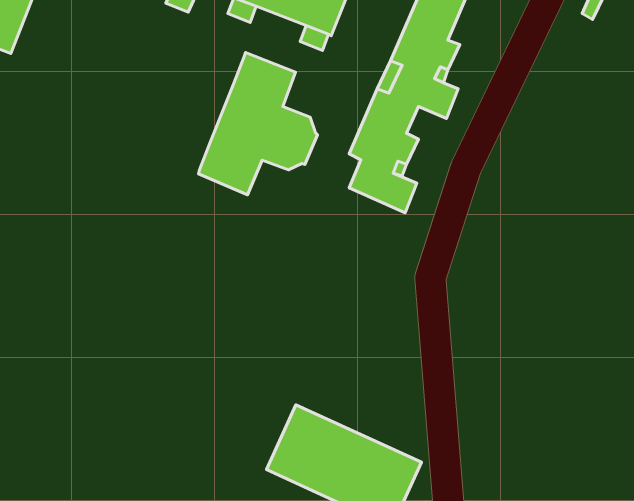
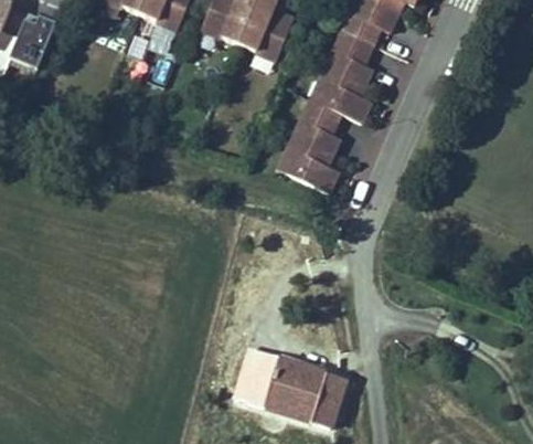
building: [198,53,318,195] -> none

